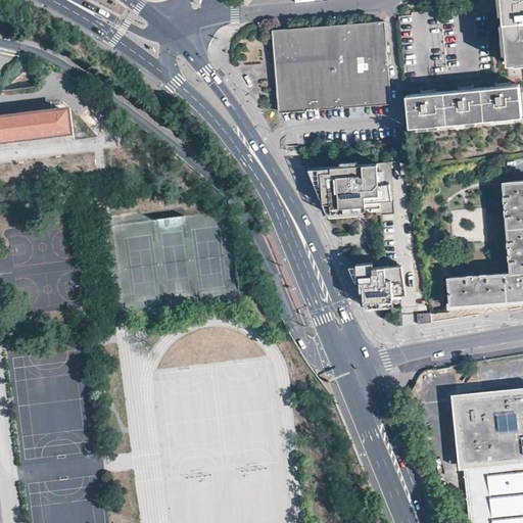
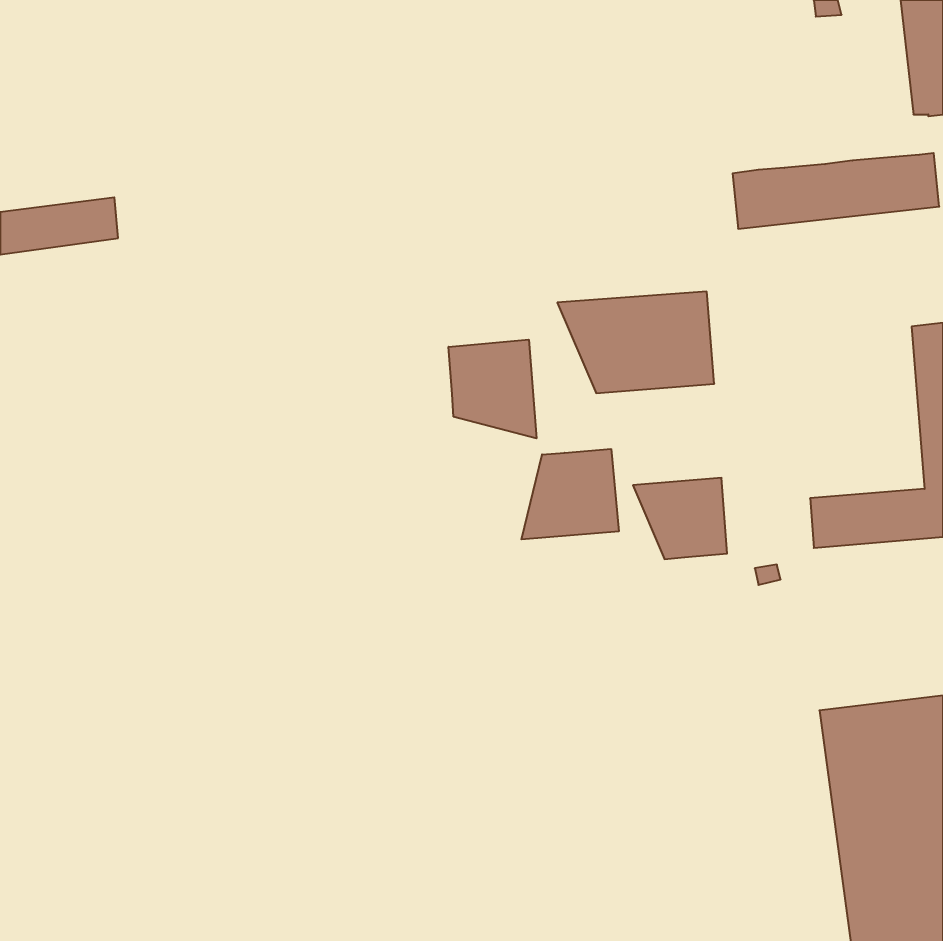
building: [272,22,390,111] -> none
building: none -> [449,340,536,438]
building: none -> [521,449,619,539]

